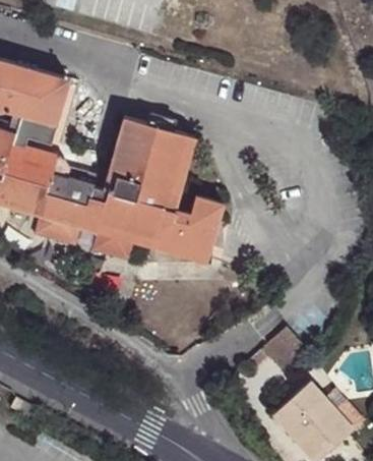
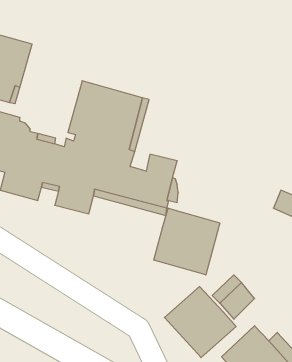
building: none -> [154,208,220,275]
building: none -> [164,287,236,358]

